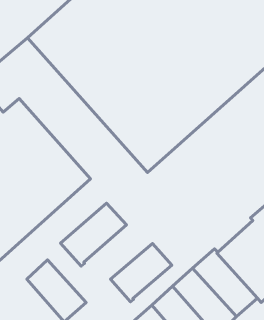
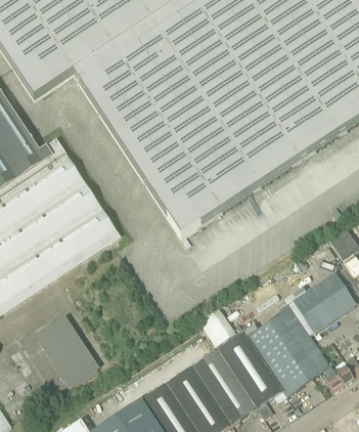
building: [60,203,126,266] -> none
building: [110,244,172,302] -> none

